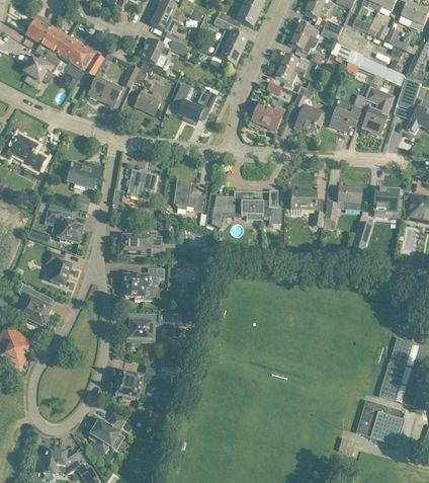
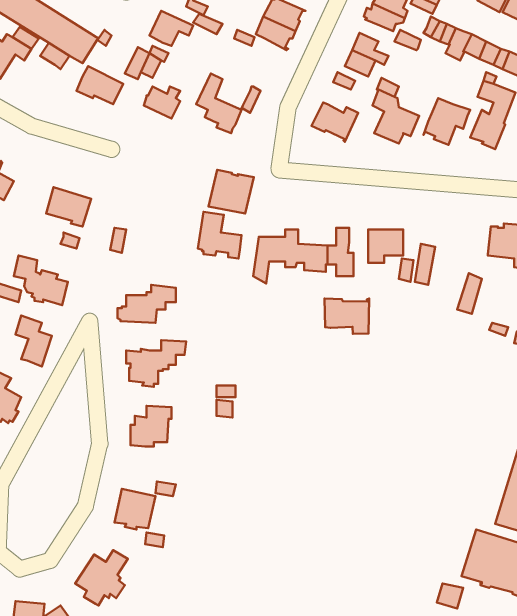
building: [125,169,157,199] -> [209,170,254,214]
building: [337,186,361,210] -> none
building: none -> [325,299,369,334]

